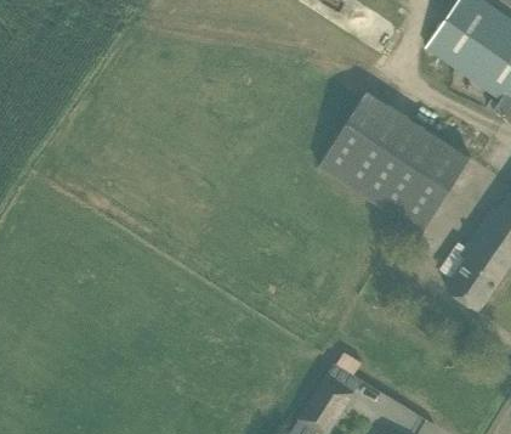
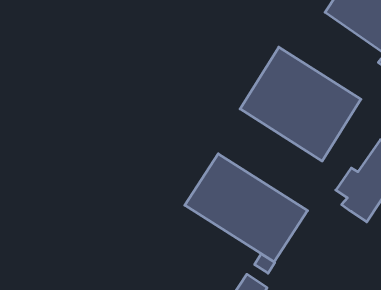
building: none -> [185,154,308,262]

